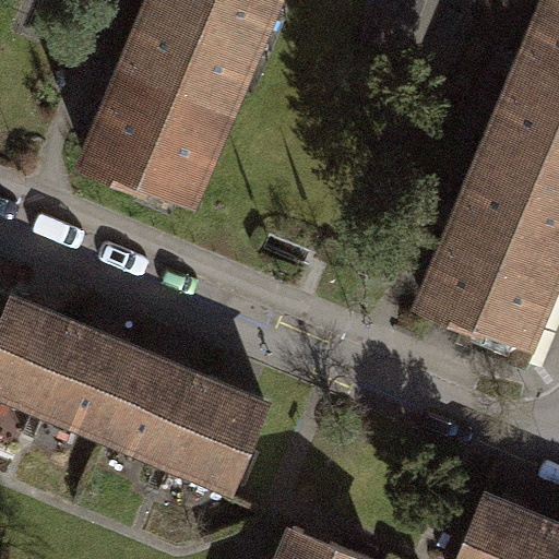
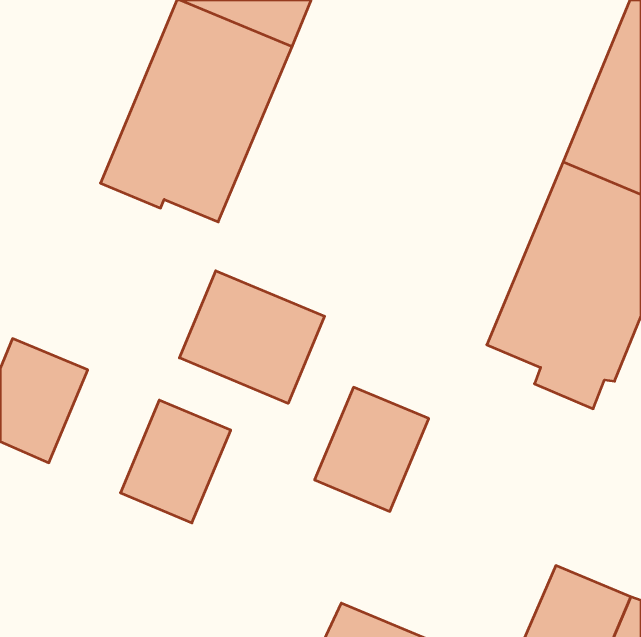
building: none -> [179,271,325,403]
building: [43,325,139,432] -> none
building: [167,378,266,486] -> [315,387,429,511]

